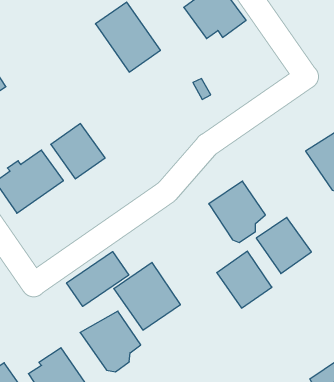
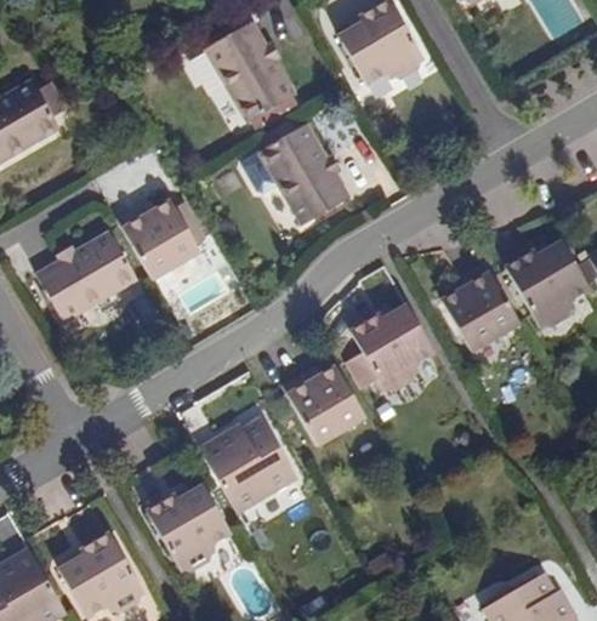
building: none -> [243,120,351,221]
building: [256,217,311,274] -> [439,270,521,354]
building: [217,251,272,308] -> [285,361,366,446]
building: [67,252,129,306] -> none

